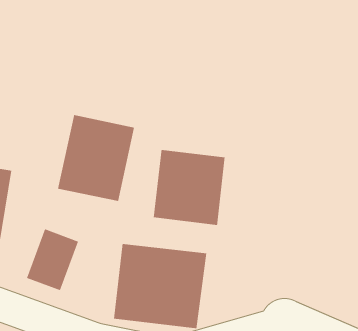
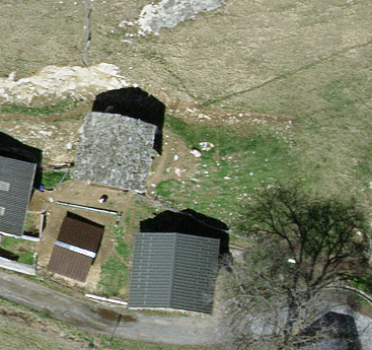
building: [153,149,225,226] -> none

